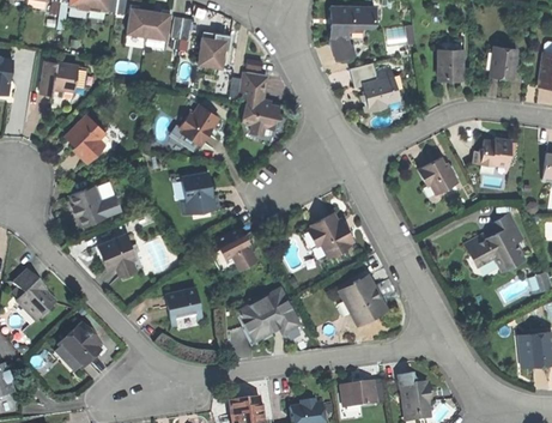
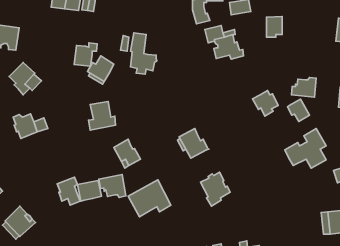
building: [196,36,230,70] -> [74,43,97,66]
building: [490,46,515,78] -> none
building: none -> [287,99,309,122]
building: [101,235,134,276] -> [57,177,80,205]
building: none -> [99,175,126,197]

